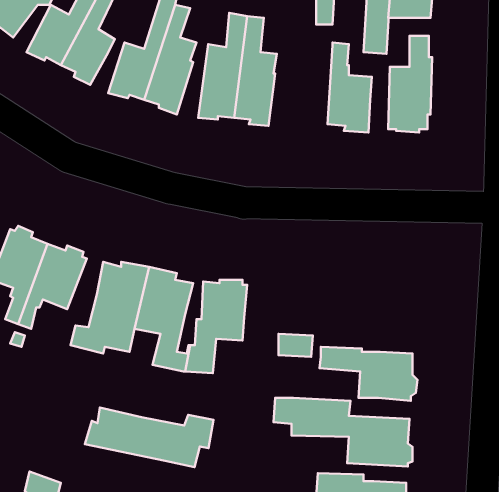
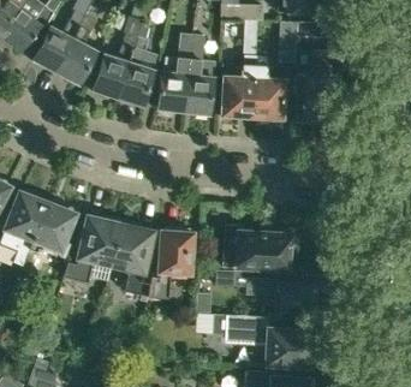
building: none -> [222,53,256,118]
building: none -> [220,222,298,269]
building: [85,407,214,467] -> none

